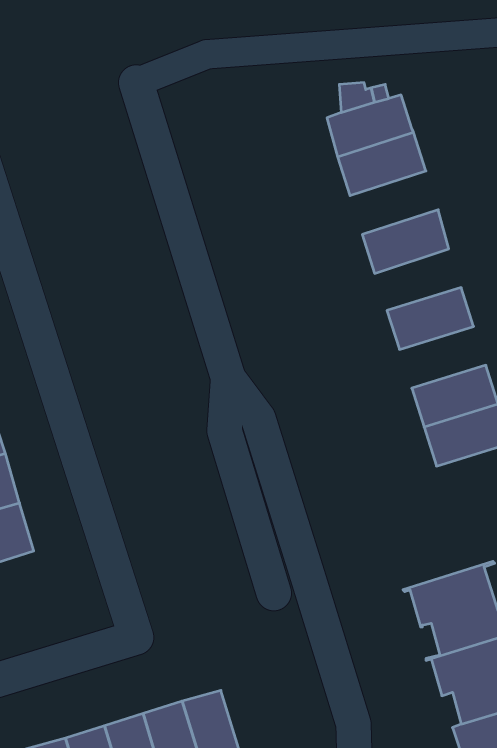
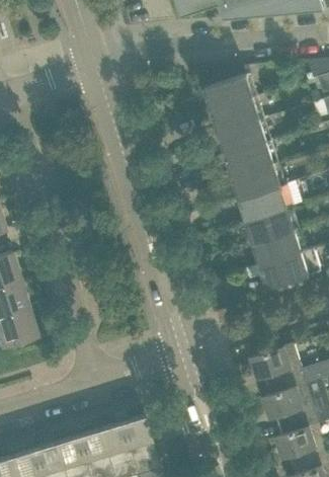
building: none -> [217,117,267,154]
building: none -> [231,162,280,197]
building: none -> [245,207,295,242]

